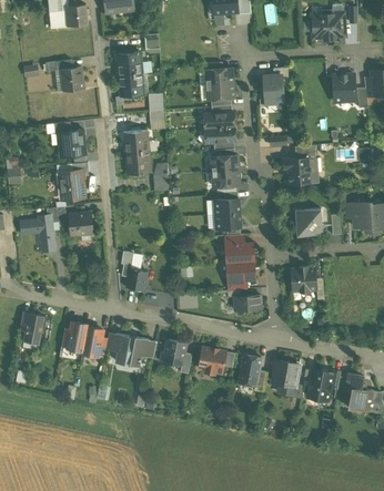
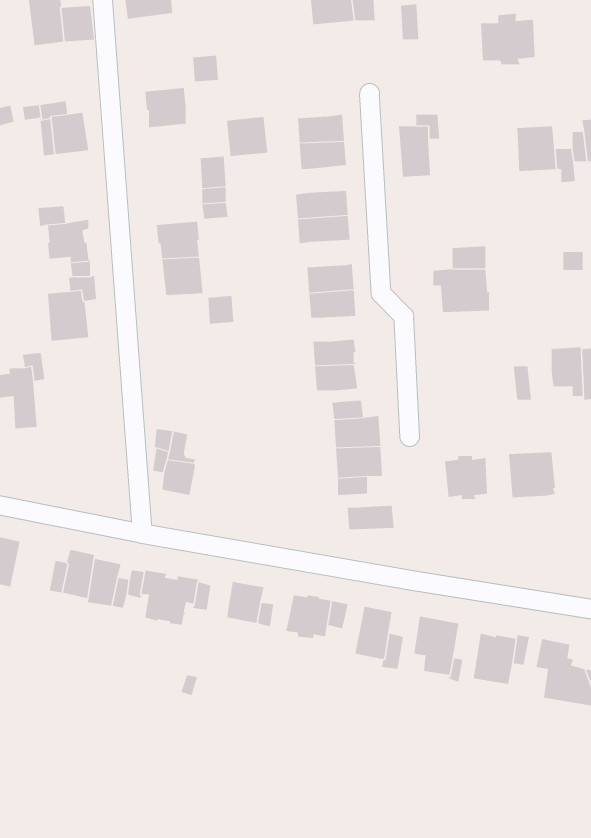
building: [118,73,142,96] -> [226,117,268,157]
building: [294,208,322,235] -> [508,452,556,498]
building: [68,211,92,235] -> none

